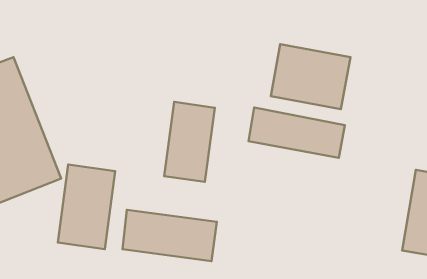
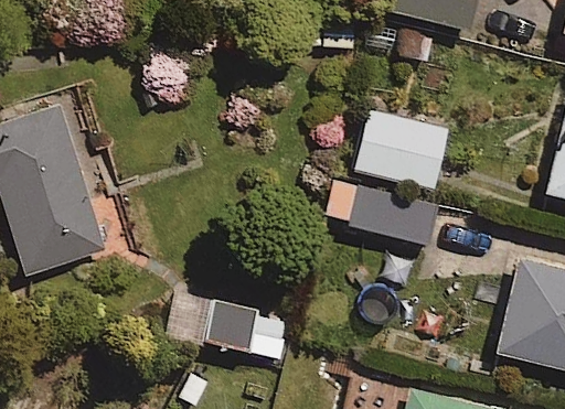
building: [164,102,215,182] -> none
building: [58,165,115,249] -> none

